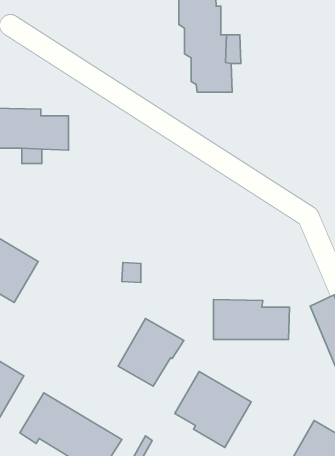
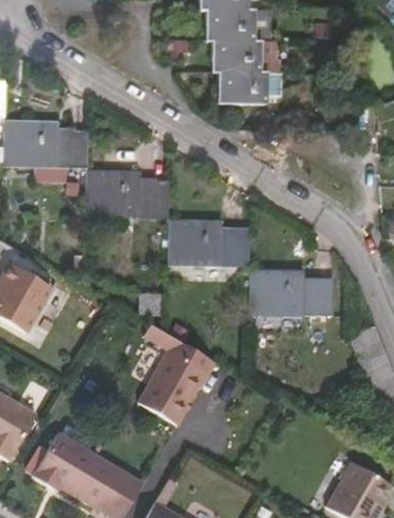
building: none -> [85,171,169,215]
building: none -> [168,221,249,264]
building: [213,300,289,340] -> [249,270,332,314]
building: [175,372,251,447] -> none

